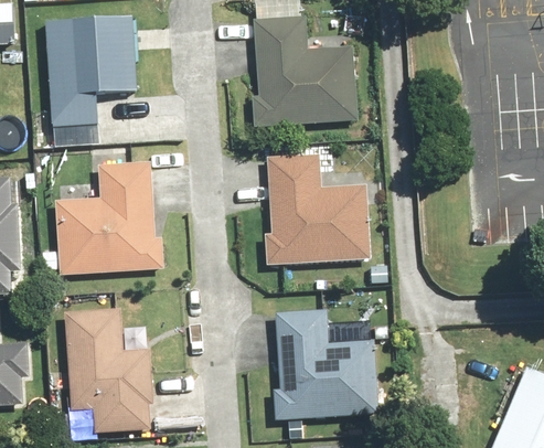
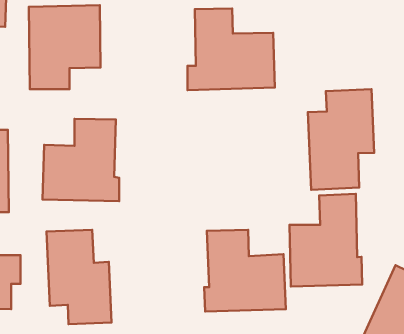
building: none -> [308,89,374,190]
building: [263,147,365,256] -> none
building: none -> [290,194,362,287]

